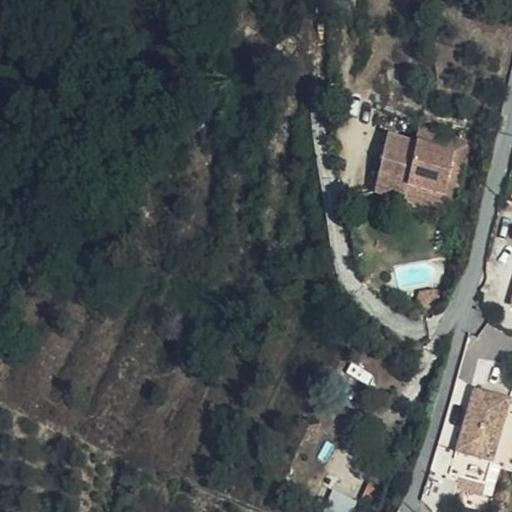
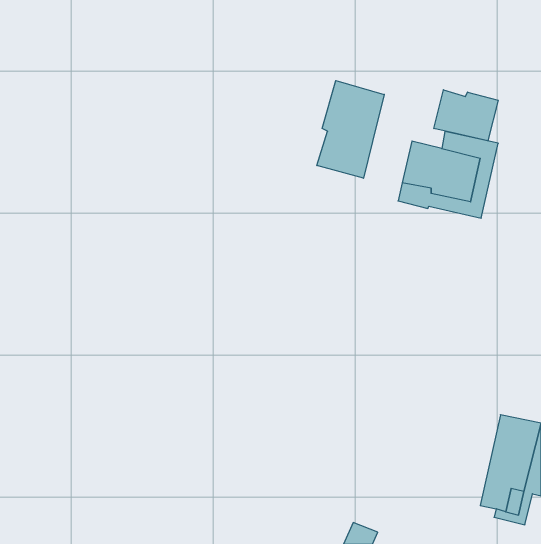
building: none -> [317,81,384,178]
building: none -> [434,90,498,141]

